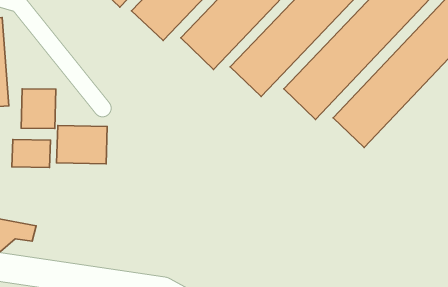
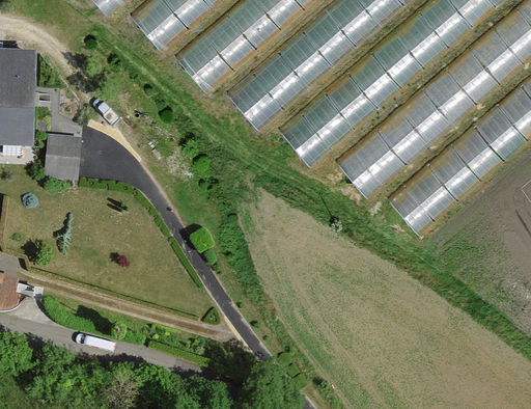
building: [57,125,107,164] -> none
building: [12,139,50,168] -> none

